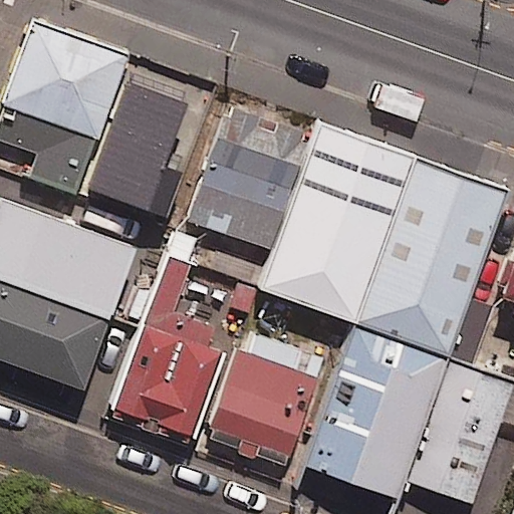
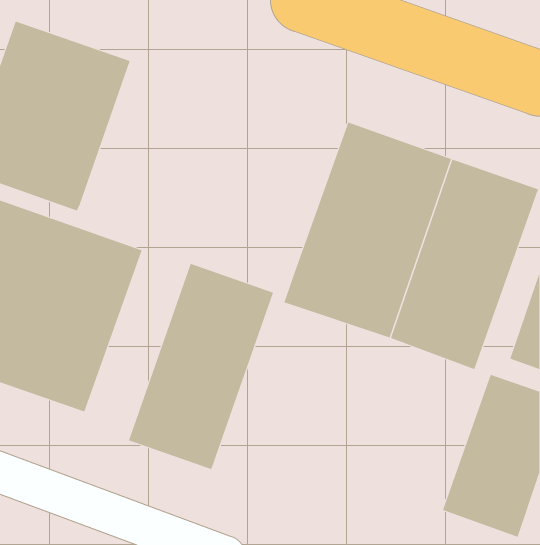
building: [74,64,193,224] -> none
building: [187,92,321,260] -> none
building: [308,322,453,499] -> none
building: [208,349,322,481] -> none

